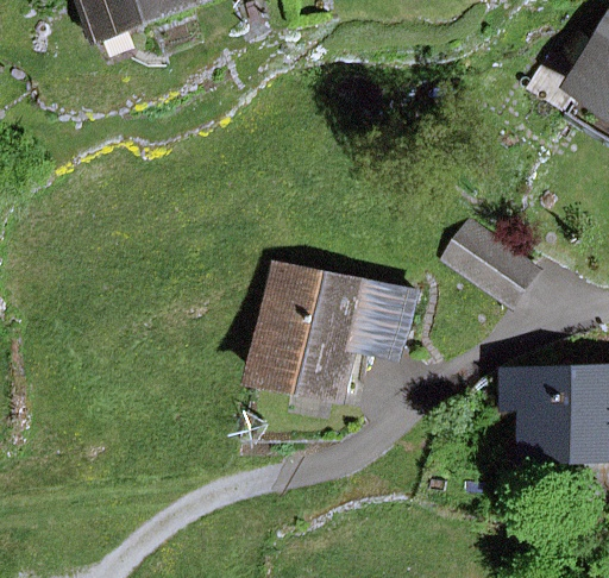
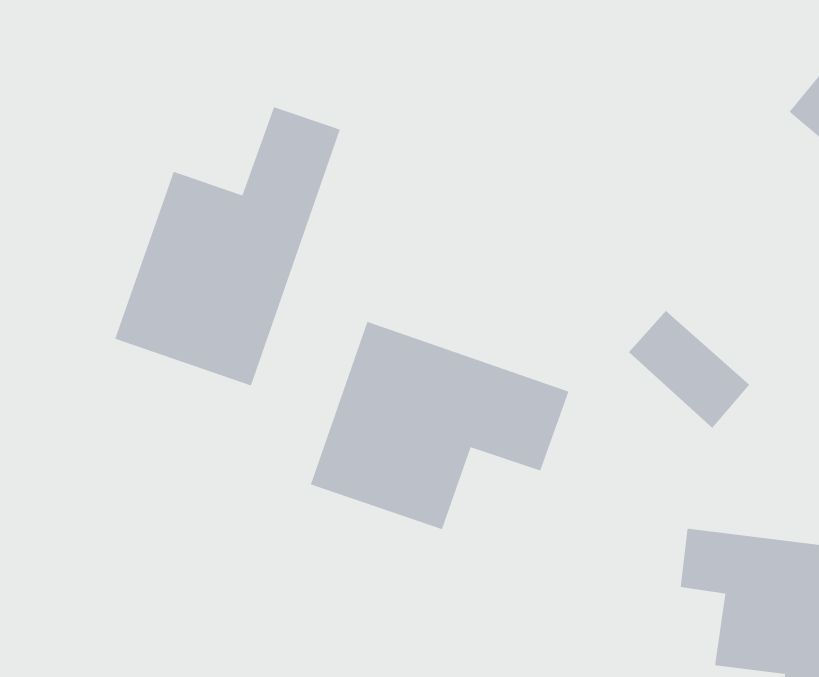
building: none -> [114,106,341,387]

